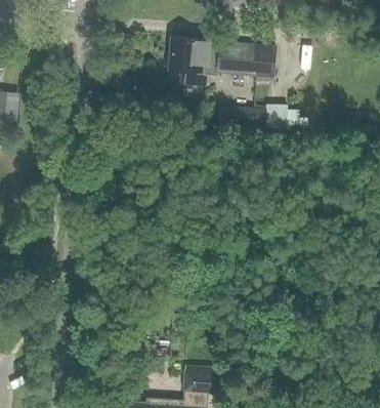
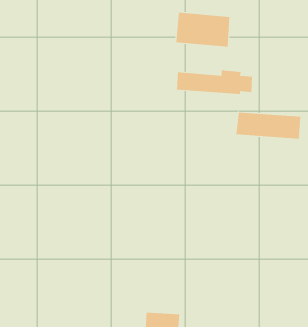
building: [168,36,208,85] -> none
building: none -> [236,112,301,139]

